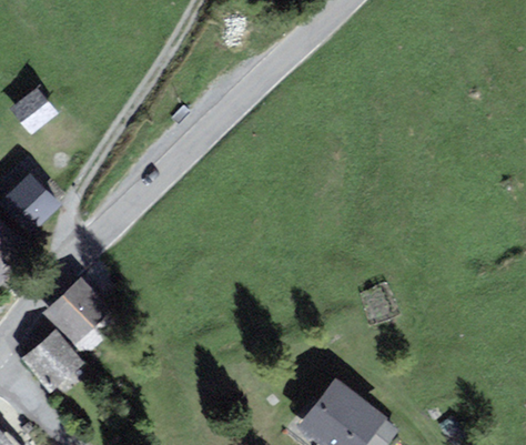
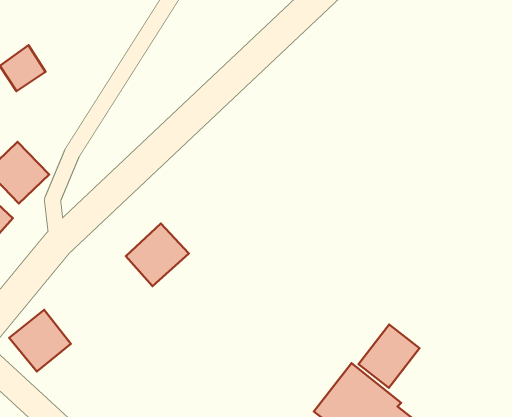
building: [48,281,105,338] -> [126,223,189,286]
building: none -> [358,325,420,388]

